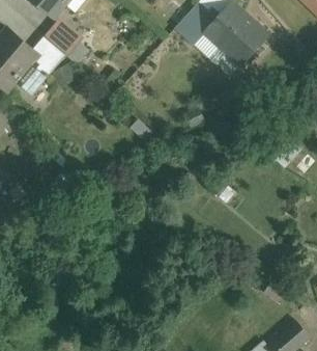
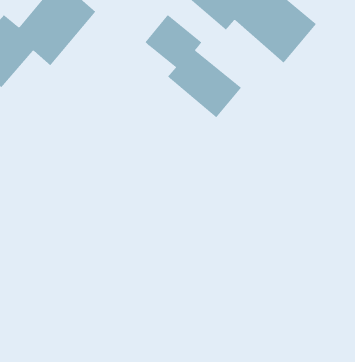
building: none -> [145,14,242,118]

